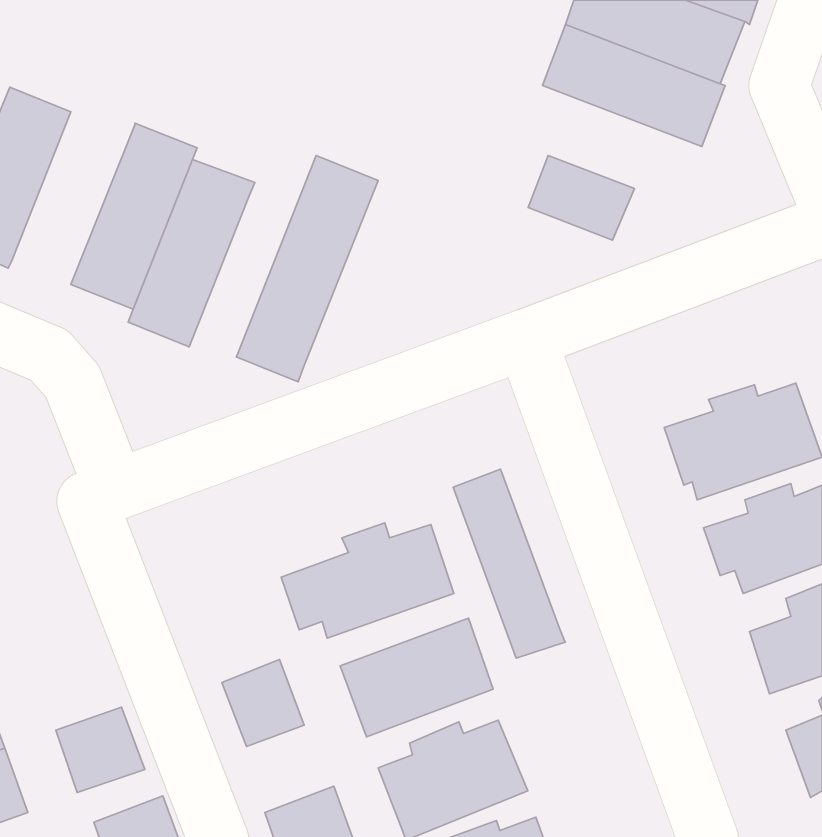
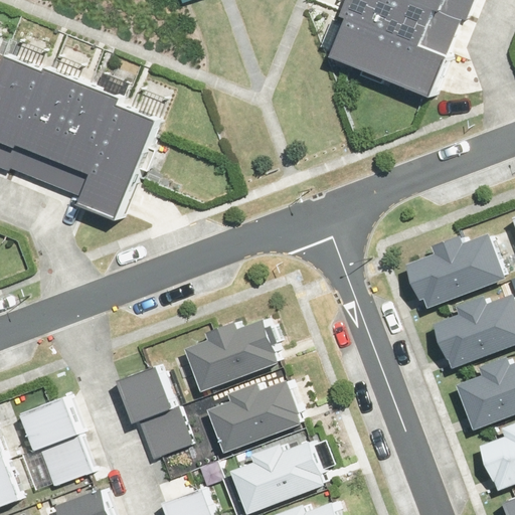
building: none -> [7,64,82,176]
building: [528,155,635,240] -> none
building: [236,156,378,382] -> none
building: [453,469,565,658] -> none
building: none -> [120,365,171,419]
building: none -> [20,392,78,449]

